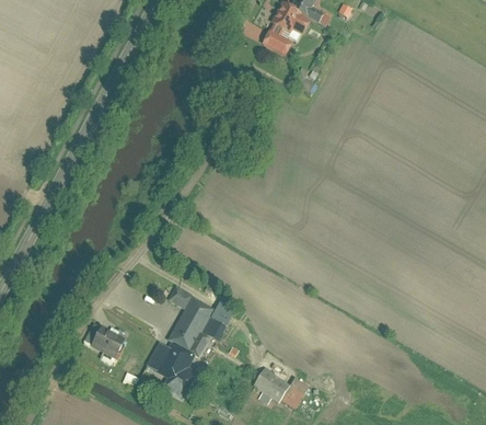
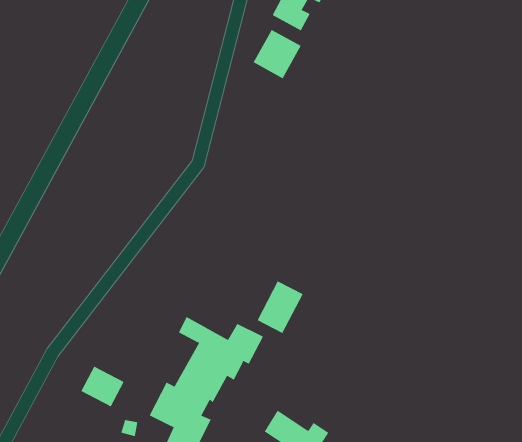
building: none -> [253,29,302,79]
building: none -> [257,281,303,334]

